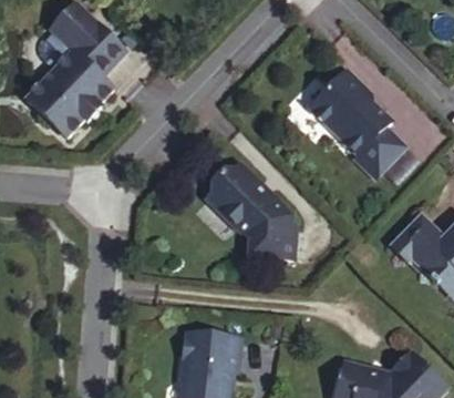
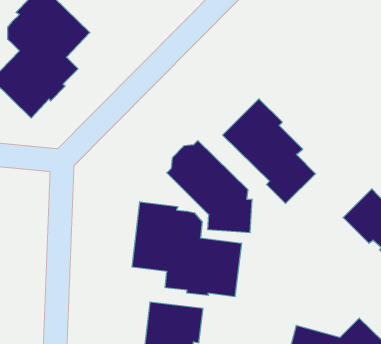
building: [309,70,405,178] -> [223,99,316,204]
building: none -> [132,202,241,297]

